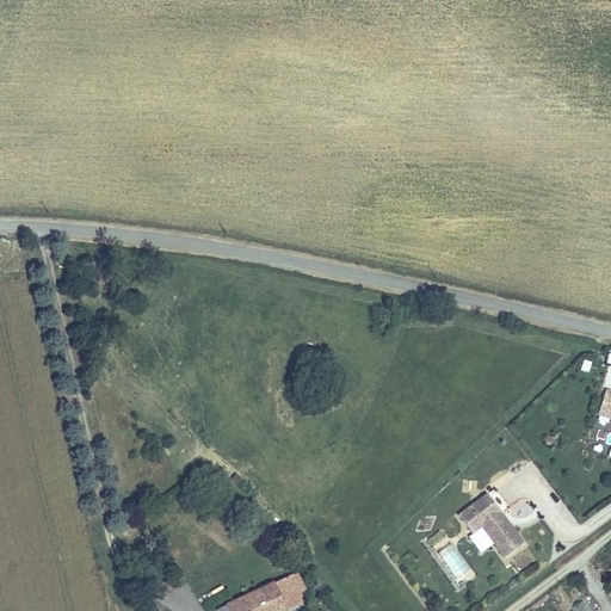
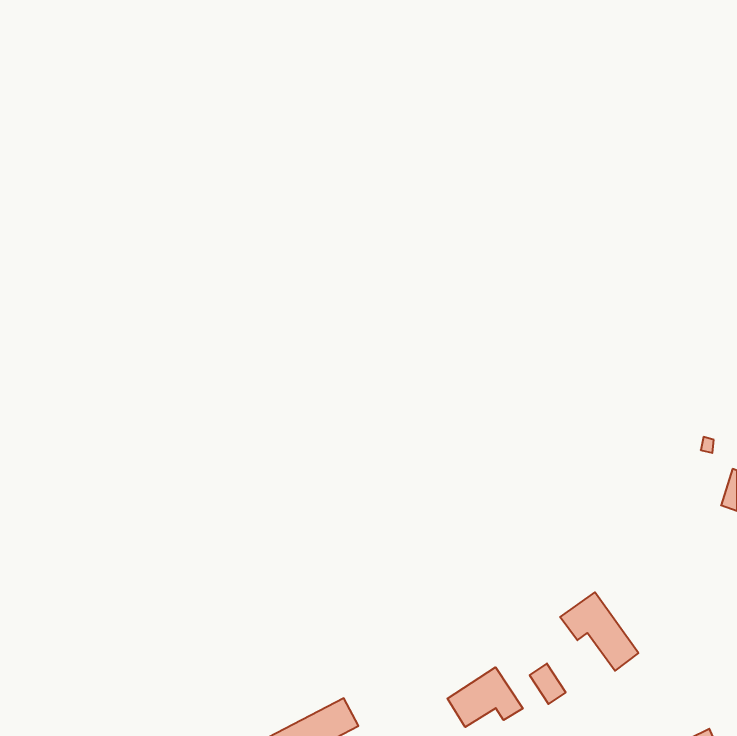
building: none -> [447,667,523,727]

